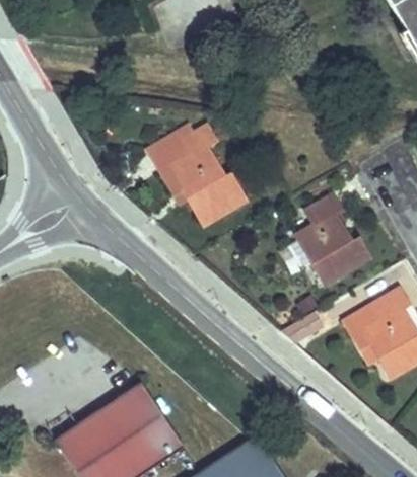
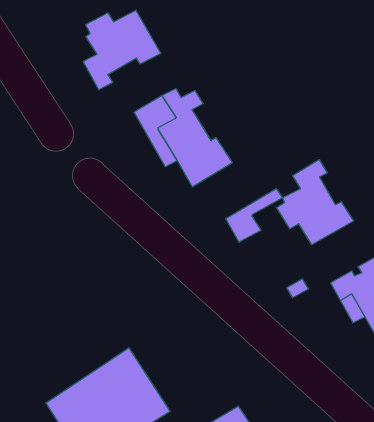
building: none -> [83,10,161,90]
building: none -> [226,188,282,242]

